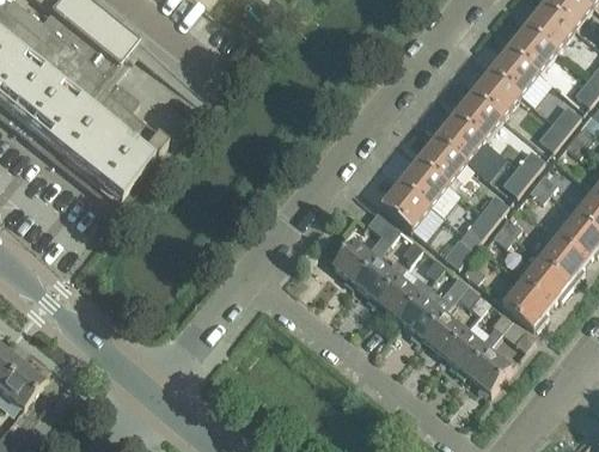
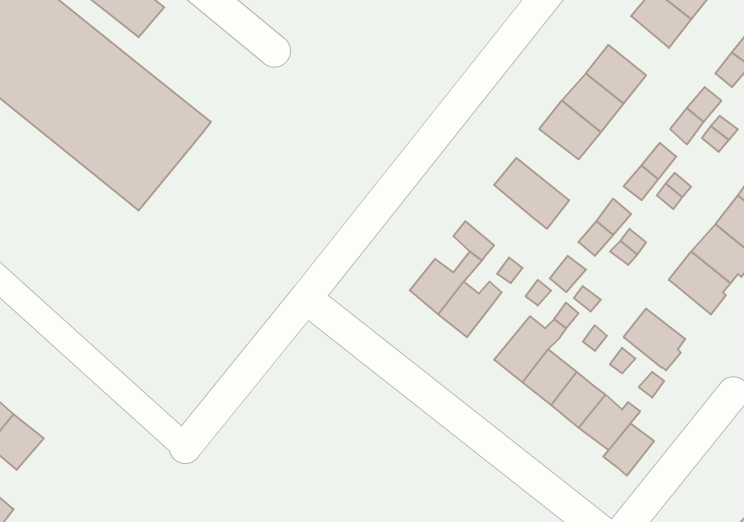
building: [490,47,538,93] -> none
building: [417,136,466,183] -> none
building: [381,181,429,228] -> none
building: [520,256,572,303] -> none
building: [378,275,428,319] -> none
building: none -> [603,423,654,476]

